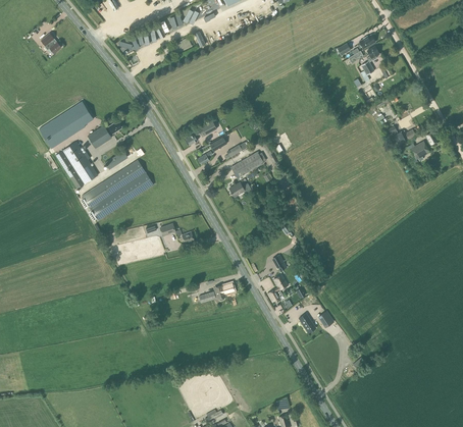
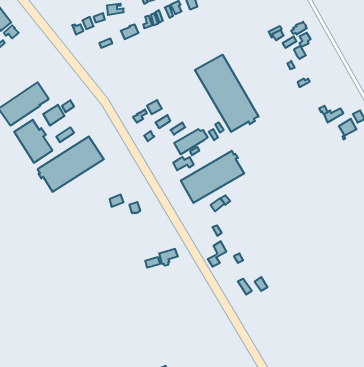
building: none -> [195,55,259,132]
building: none -> [181,151,244,203]

